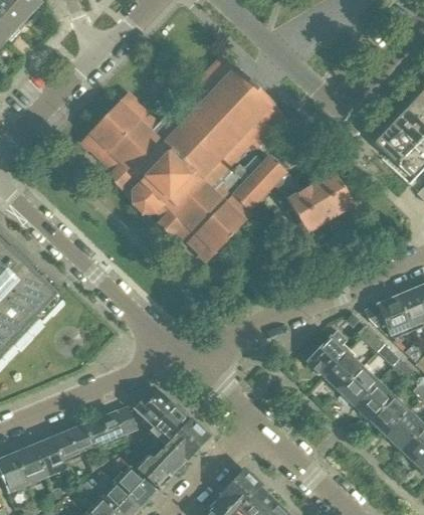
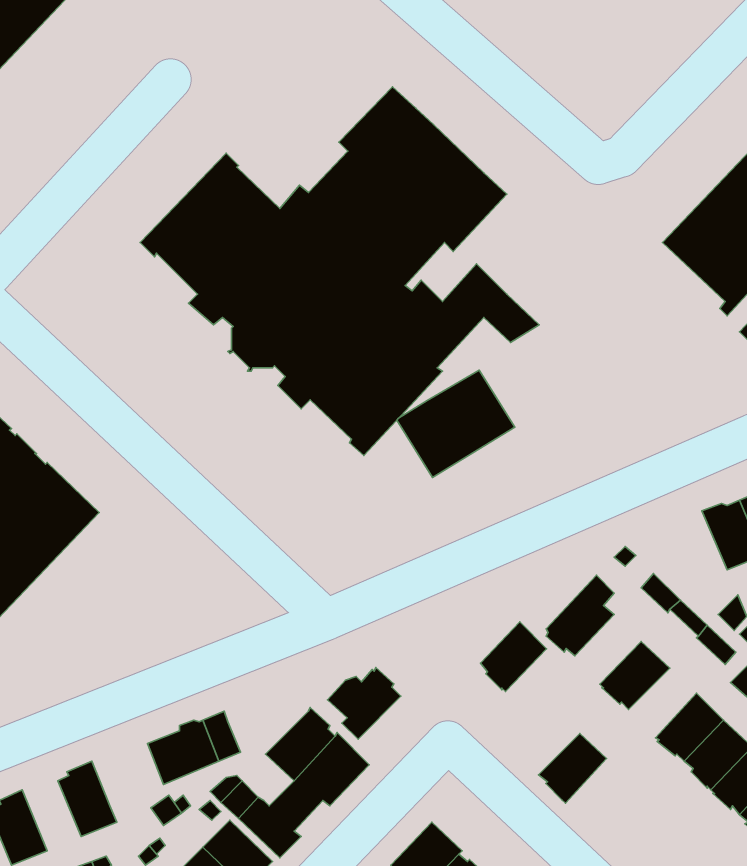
building: [287,172,354,232] -> [397,370,515,477]
building: [365,294,410,336] -> none
building: [325,352,362,391] -> [480,622,547,692]
building: [355,382,393,421] -> [539,734,607,803]
building: [134,390,175,431] -> [328,668,401,739]
building: [53,424,93,460] -> none
building: [14,446,47,485] -> none

